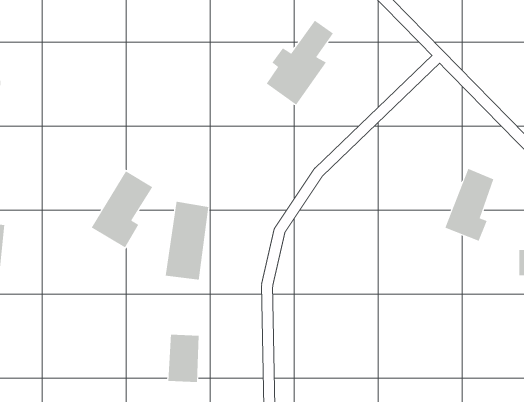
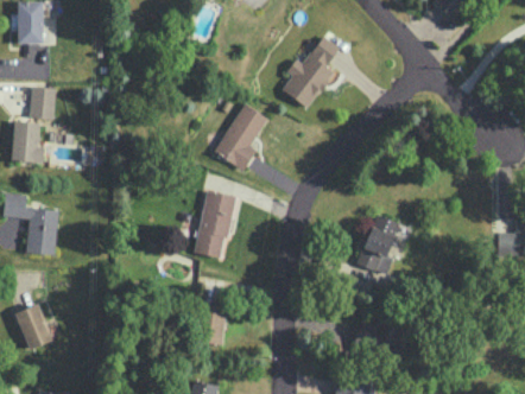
building: [444,168,494,242] -> [356,214,399,277]
building: [91,171,153,248] -> [214,104,267,171]

